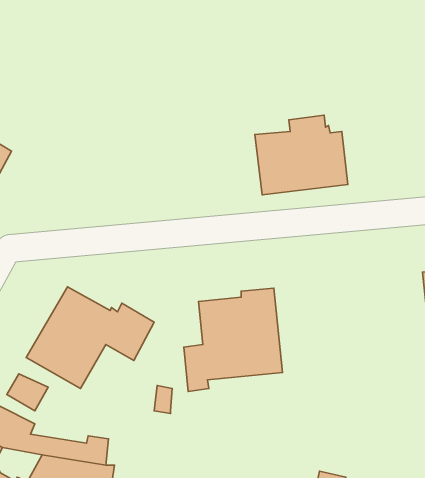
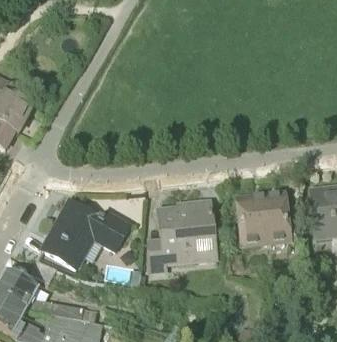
building: [255,115,348,195] -> [236,191,299,245]

